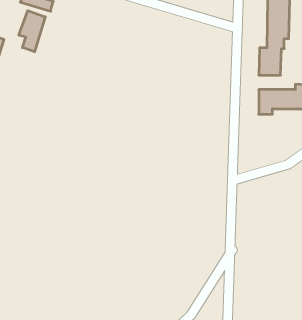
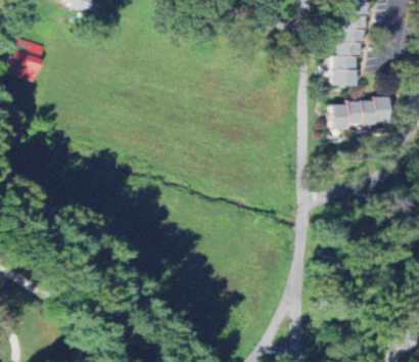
building: [19,11,45,52] -> none

